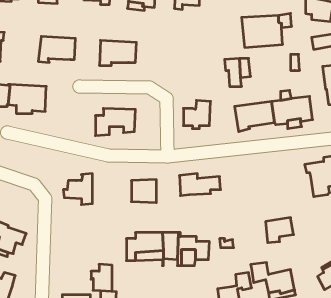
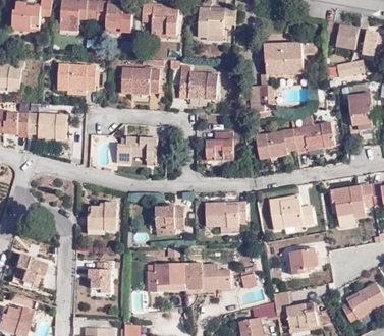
building: none -> [179,65,218,98]
building: none -> [269,198,315,229]
building: [91,264,112,291] -> [90,266,111,293]

